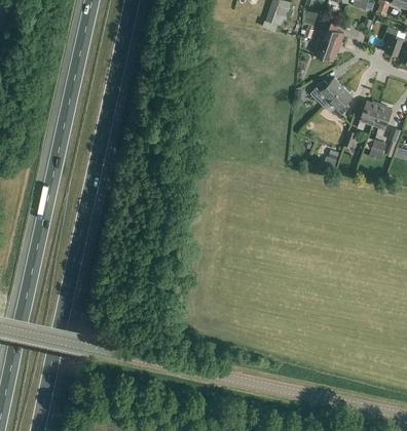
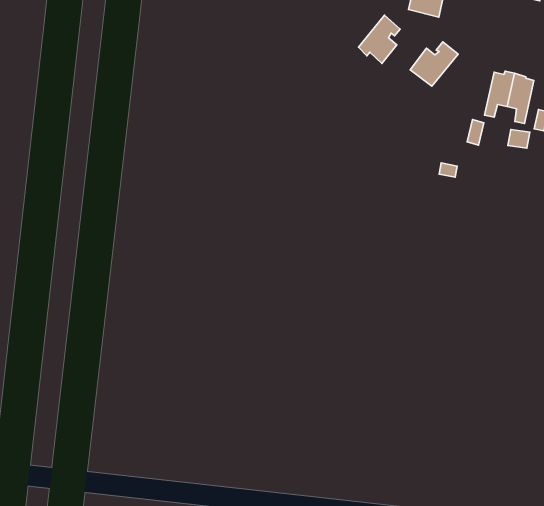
building: [325,86,354,118] -> [358,15,400,63]

